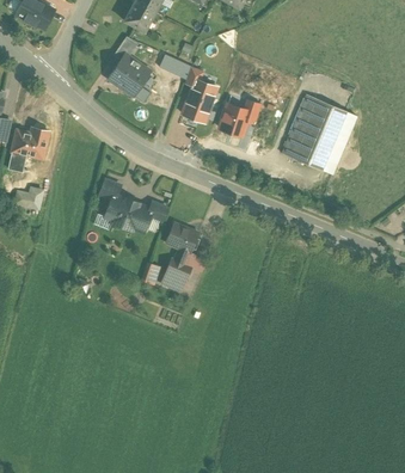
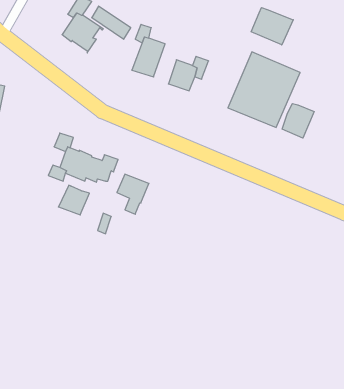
building: none -> [251,8,293,45]
building: none -> [282,104,314,138]
building: [160,258,192,289] -> [58,185,89,215]

